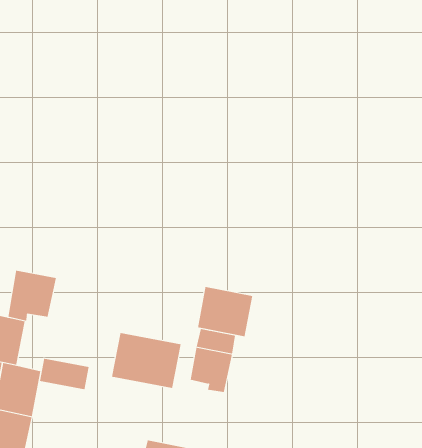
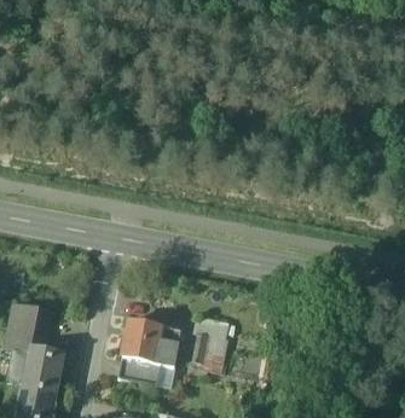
building: [8,270,56,321] -> none
building: [197,286,253,337] -> none
building: [39,358,89,390] -> [120,356,162,383]

